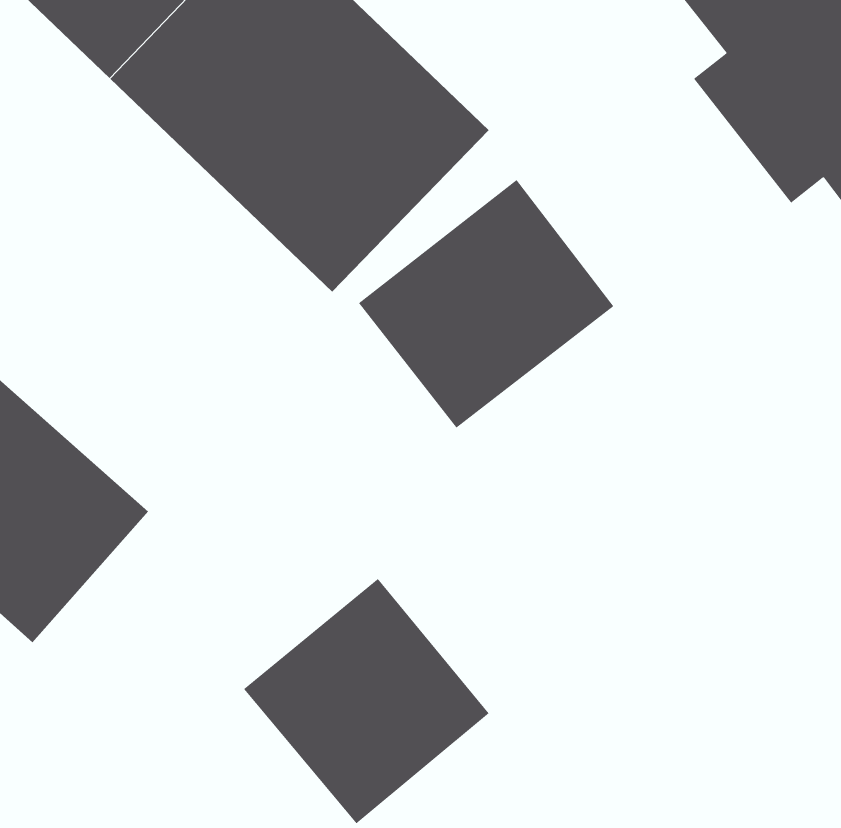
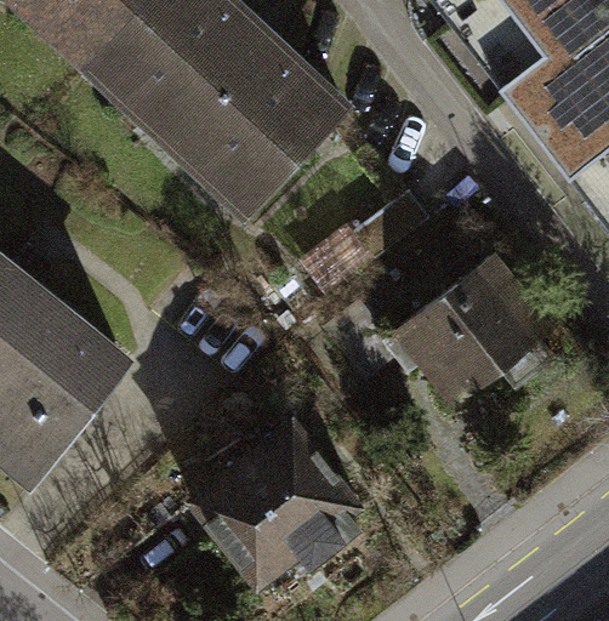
building: [358,179,614,428] -> none
building: none -> [393,253,564,423]

